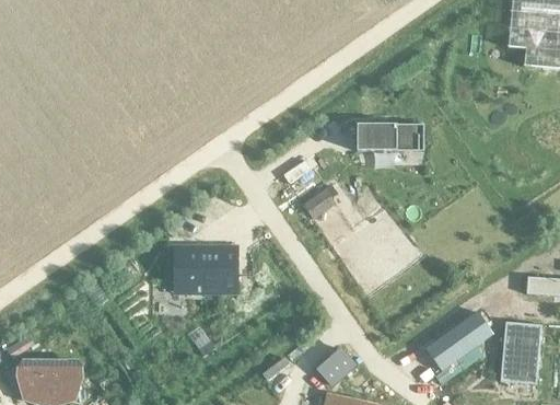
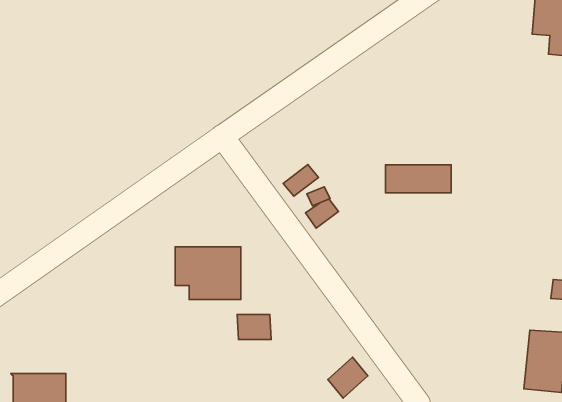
building: [357,124,418,150] -> [385,165,451,193]
building: none -> [237,315,271,340]
building: [424,310,492,370] -> none

